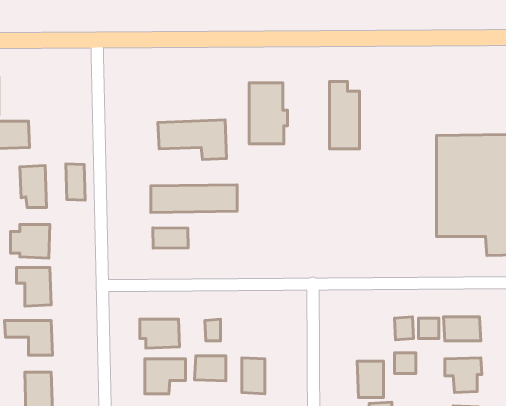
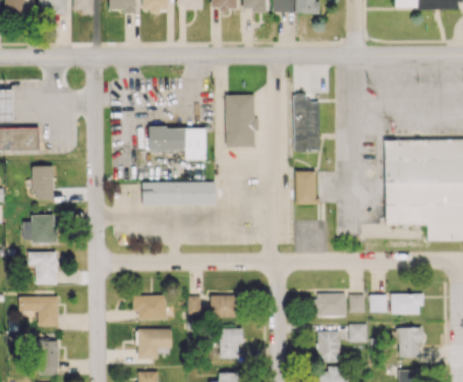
building: [66,164,85,200] -> none
building: none -> [296,171,316,204]
building: [153,228,188,248] -> none
building: none -> [315,293,346,317]
building: [195,356,226,381] -> [211,295,237,317]

